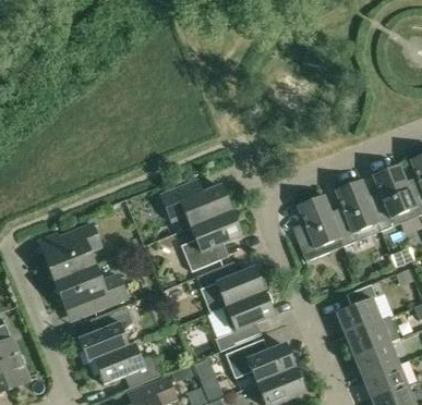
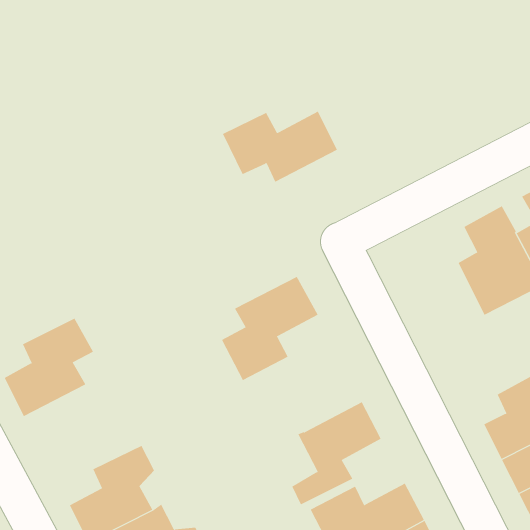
building: [161,183,231,226] -> [222,111,338,182]
building: [294,194,343,260] -> none
building: [197,263,264,306] -> none
building: [56,265,133,312] -> none

